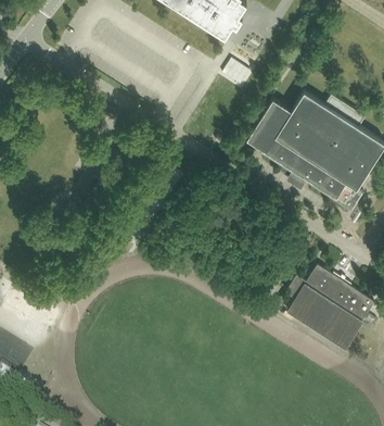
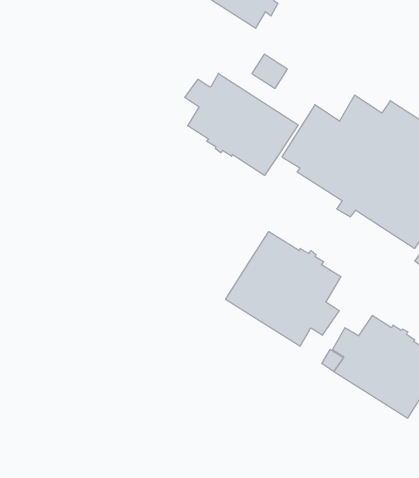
building: none -> [185,73,298,175]
building: none -> [226,232,341,346]

